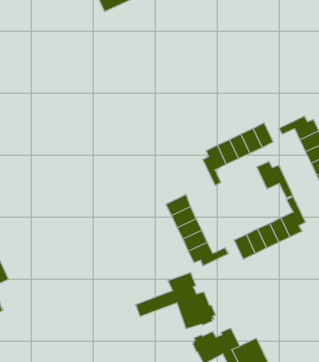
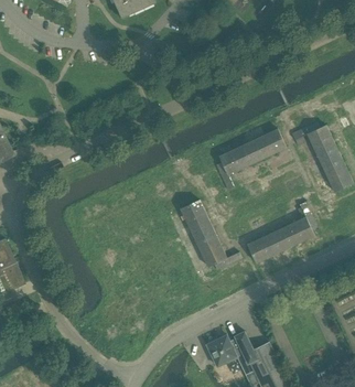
building: [257,161,293,198] -> none
building: [136,273,216,329] -> none

